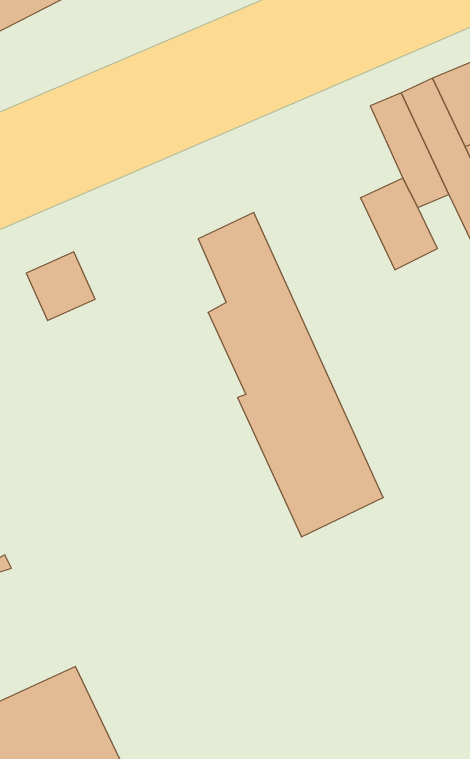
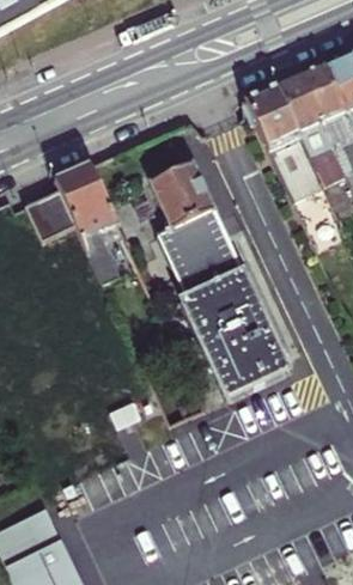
building: none -> [244,83,300,150]
building: none -> [55,163,120,281]

